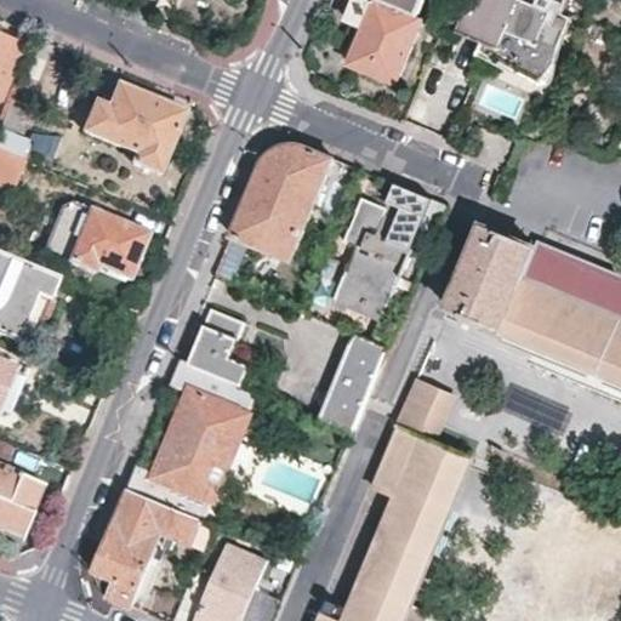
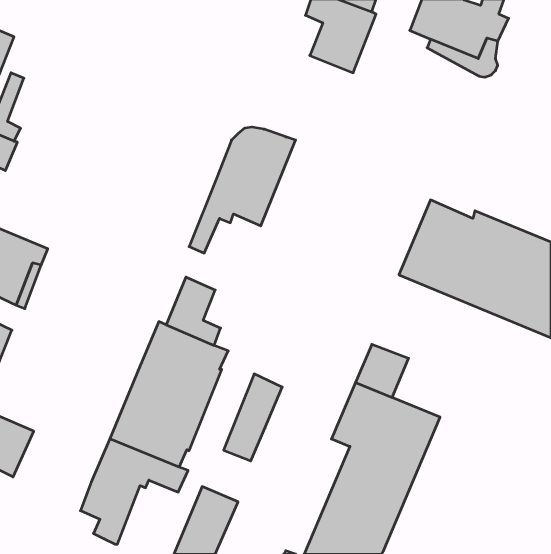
building: [84,82,186,173] -> none
building: [335,182,428,312] -> none
building: [38,201,142,278] -> none
building: [318,335,383,432] -> [224,374,282,461]

